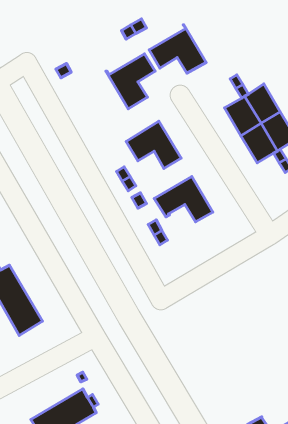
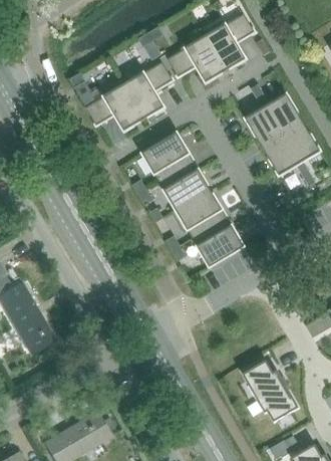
building: none -> [203,13,254,71]
building: none -> [85,80,144,132]
building: none -> [154,164,211,213]
building: none -> [187,219,244,267]
building: none -> [243,361,300,423]

